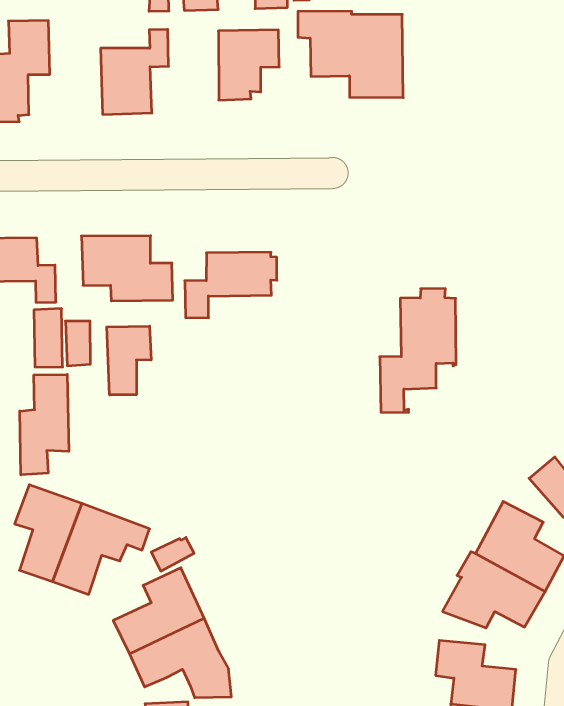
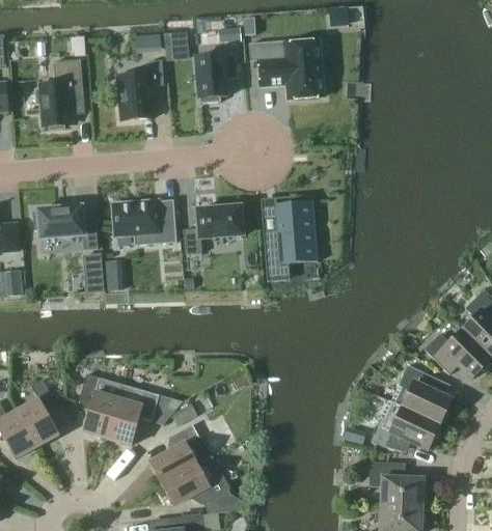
building: [380,289,456,412] -> [264,195,316,281]
building: [107,326,151,395] -> none
building: [20,374,69,475] -> none

